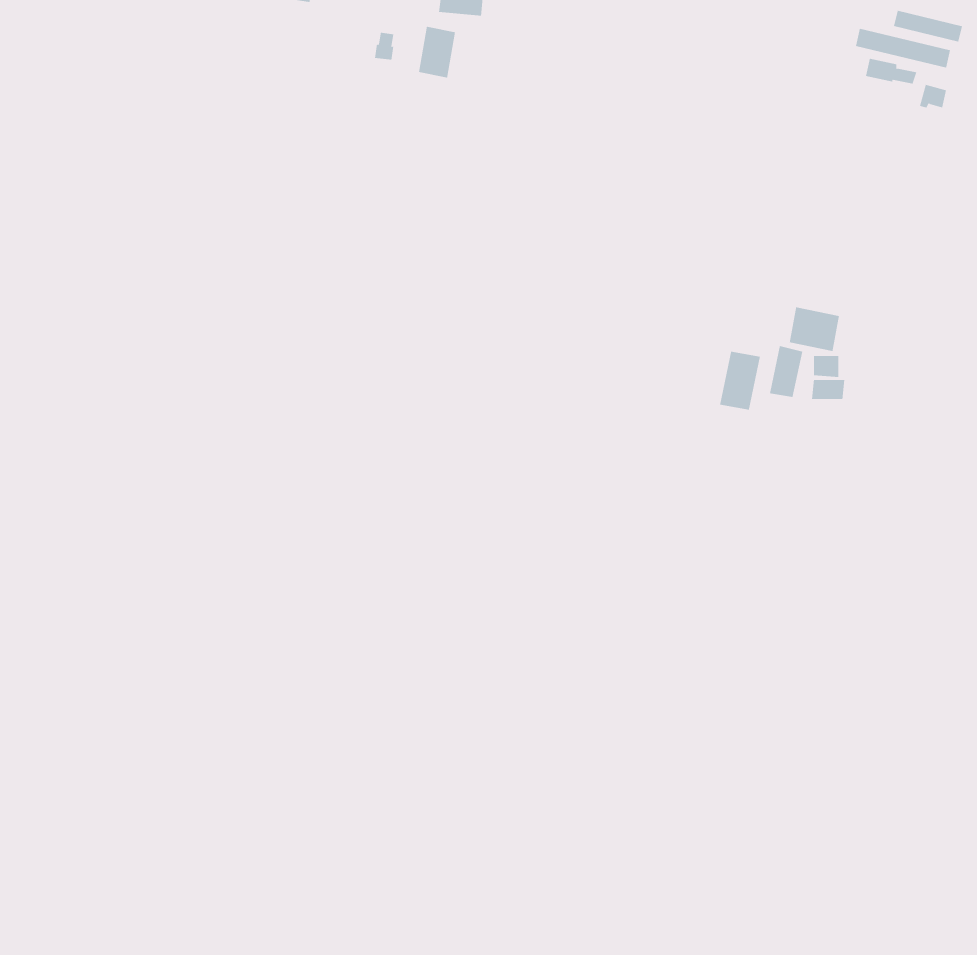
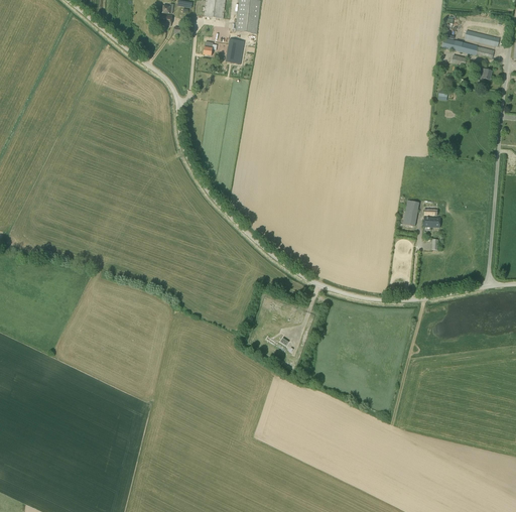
building: [789,306,840,352] -> none
building: [719,351,761,410] -> none

